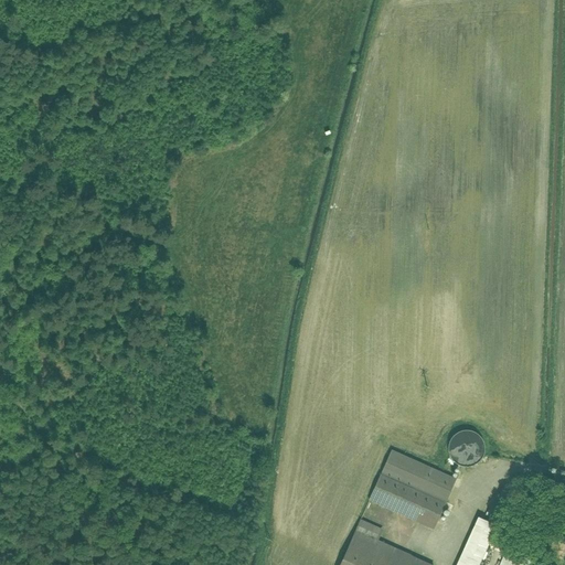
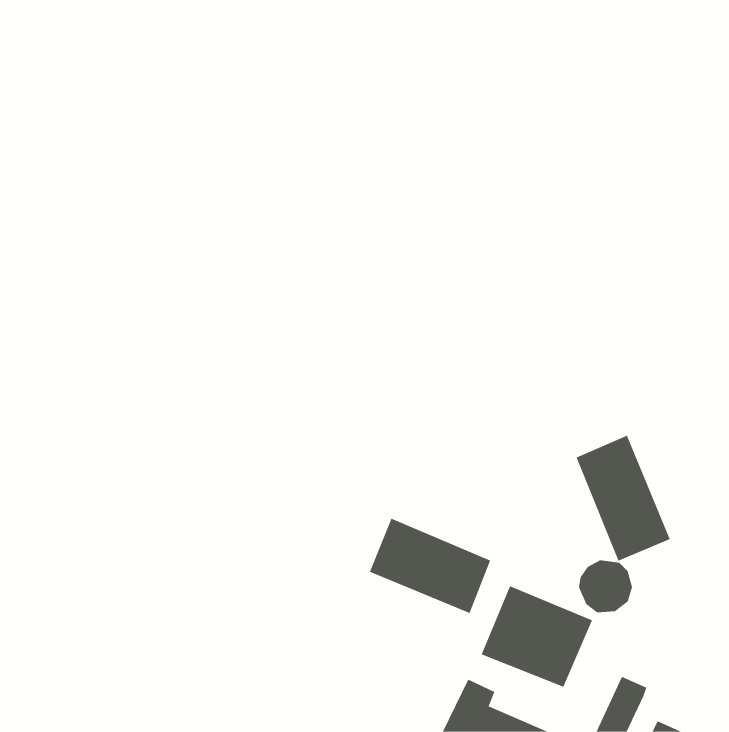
building: none -> [576,435,671,562]
building: none -> [369,518,491,614]

